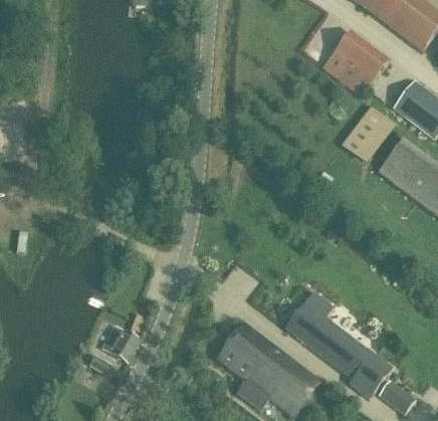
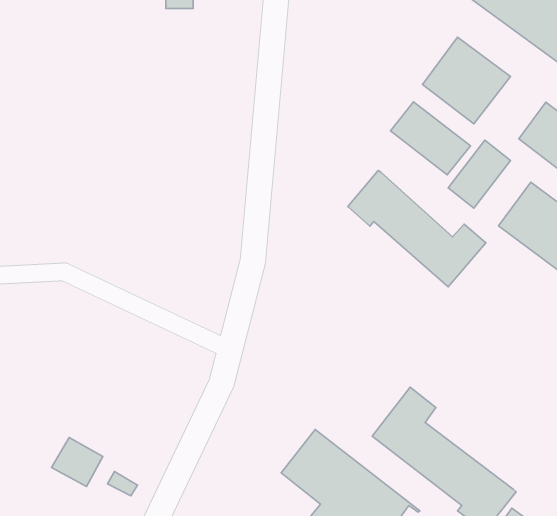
building: none -> [390,102,470,175]
building: none -> [348,170,486,287]
building: [101,325,140,361] -> [51,438,103,486]

